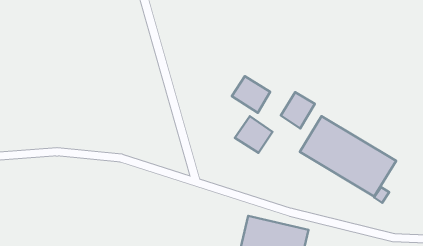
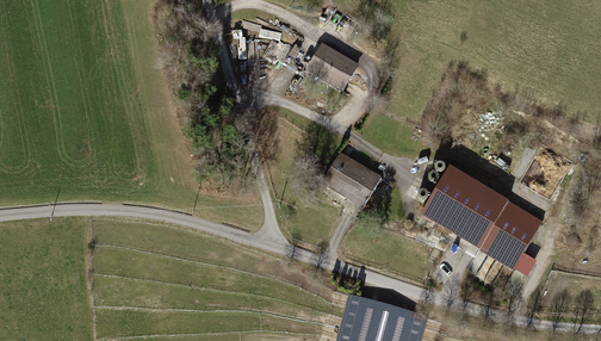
building: [232,76,270,113] -> [303,39,355,89]
building: [281,92,315,128] -> none

